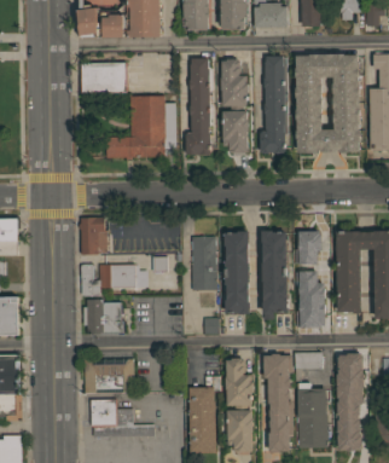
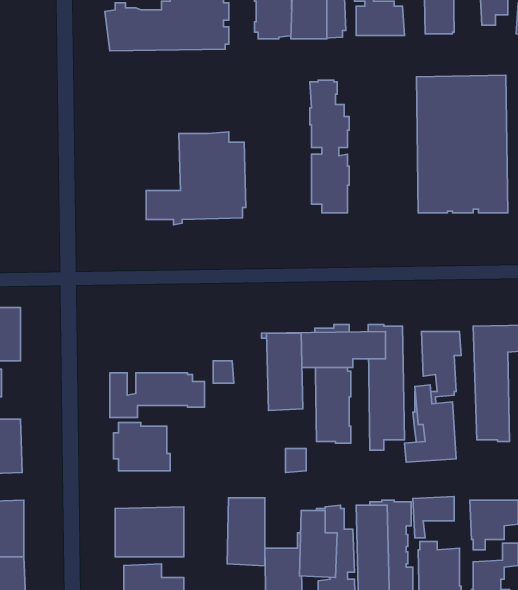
building: [260,57,288,155] -> none
building: [186,59,213,156] -> none
building: [81,63,127,93] -> none
building: [79,218,108,255] -> none
building: none -> [227,498,265,566]

